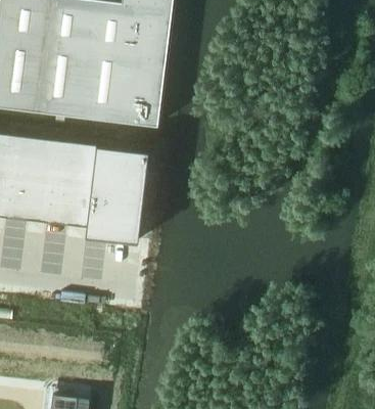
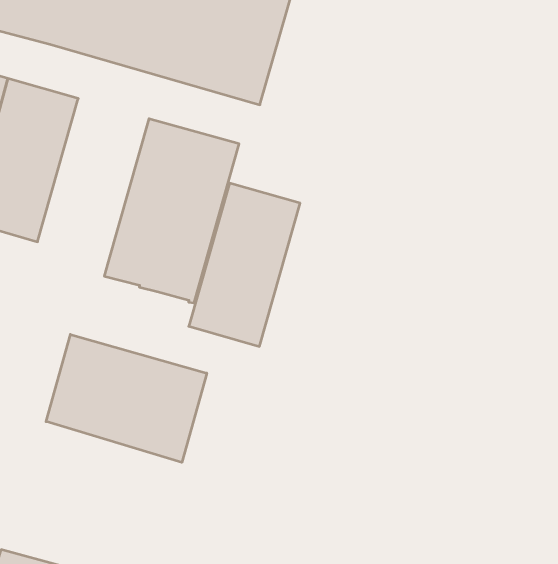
building: [45,139,96,227] -> [189,183,300,346]
building: none -> [46,334,207,462]

